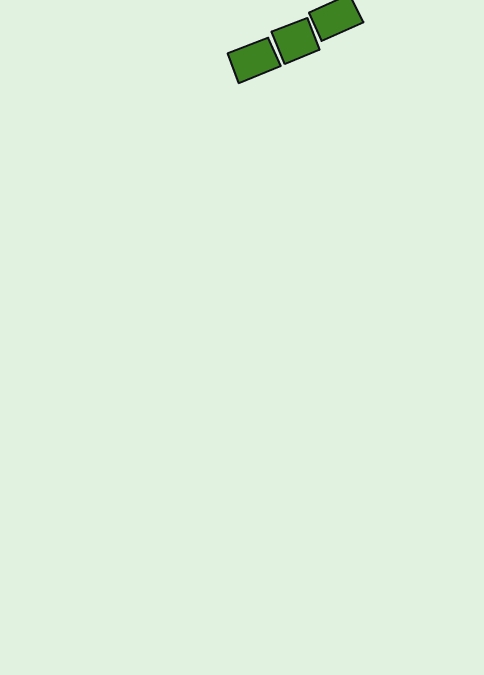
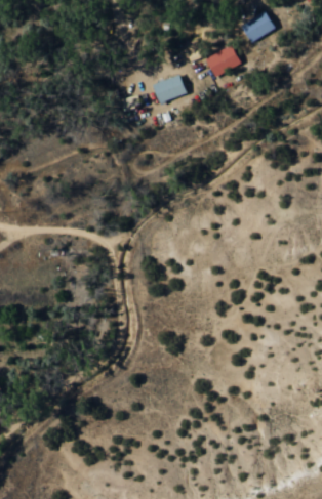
building: [272,18,319,64] -> none

